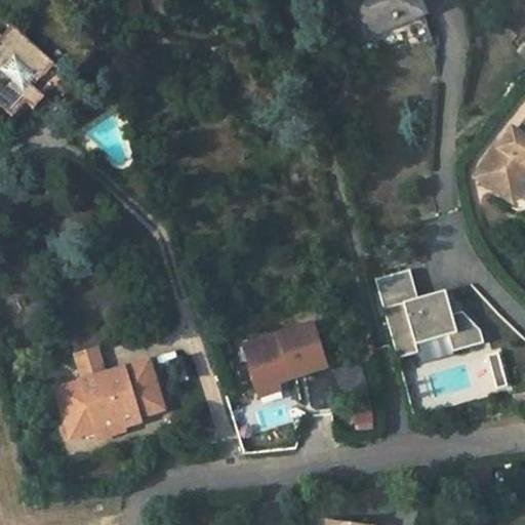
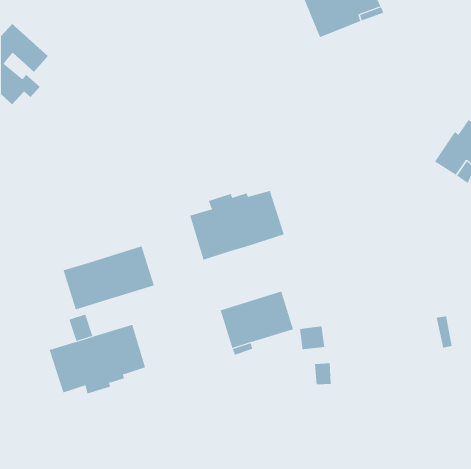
building: none -> [190,190,285,260]
building: [373,267,483,357] -> none
building: none -> [63,246,155,310]

